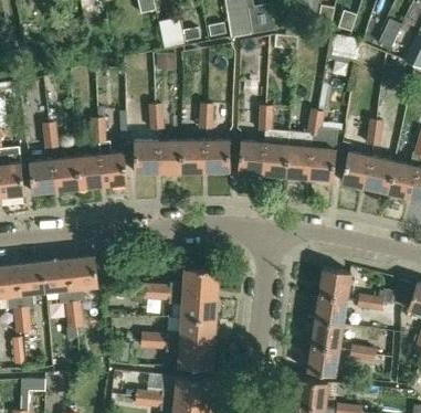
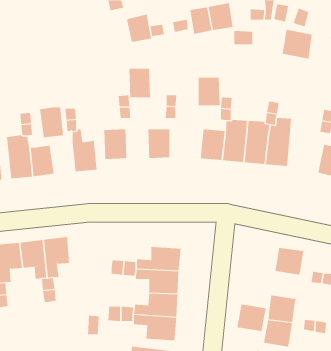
building: [158,140,182,172] -> [128,68,151,98]
building: [206,140,230,171] -> [198,77,220,106]
building: [340,152,371,188] -> none
building: [76,156,103,189] -> [39,107,64,138]
building: [314,294,346,324] -> [237,304,266,332]

